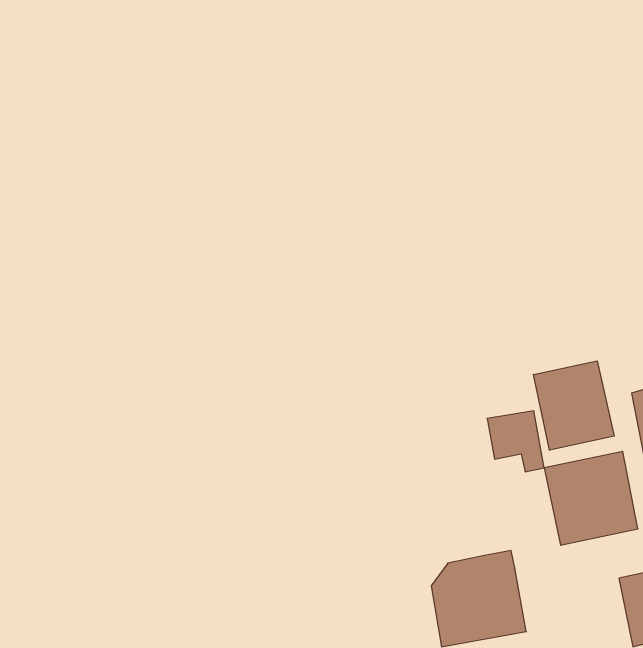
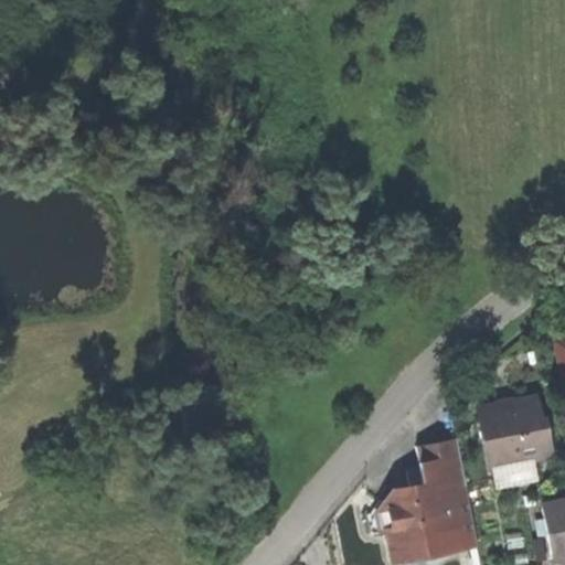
building: [533,361,614,450] -> none
building: [487,411,544,472] -> [419,441,469,494]

